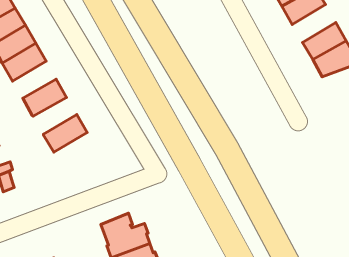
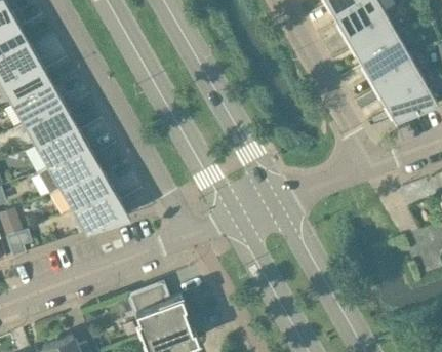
building: none -> [357,34,409,79]
building: none -> [23,102,75,146]
building: none -> [36,145,99,196]
building: none -> [72,187,129,233]

